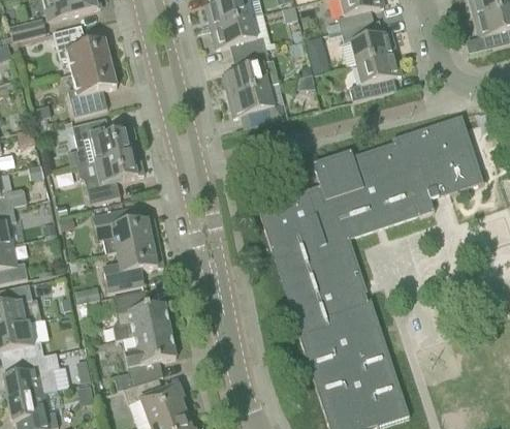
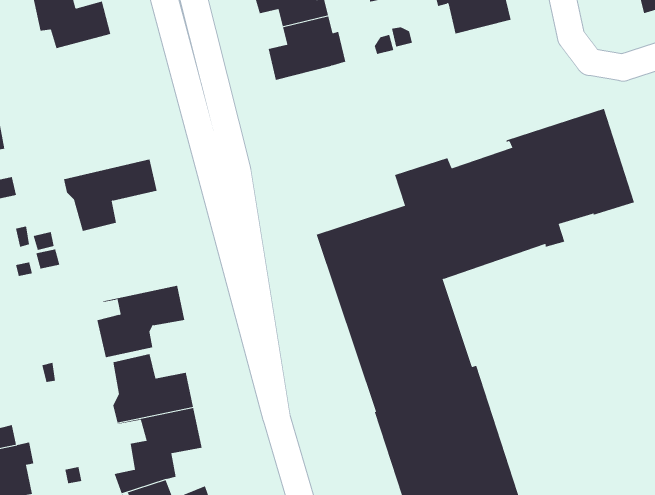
building: [349,52,401,100] -> none
building: [68,62,117,116] -> none
building: [227,85,283,127] -> none
building: [71,117,138,165] -> none
building: [90,208,158,252] -> none

